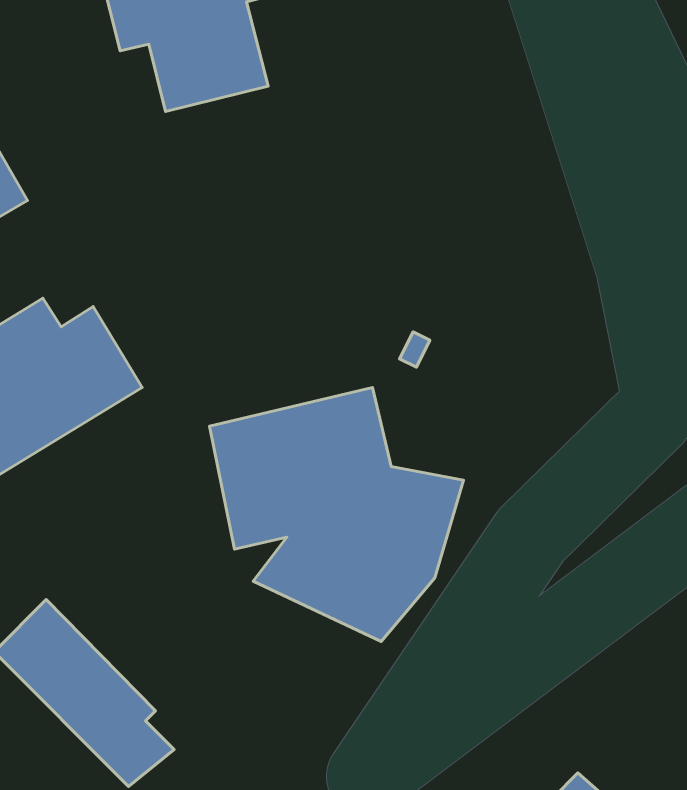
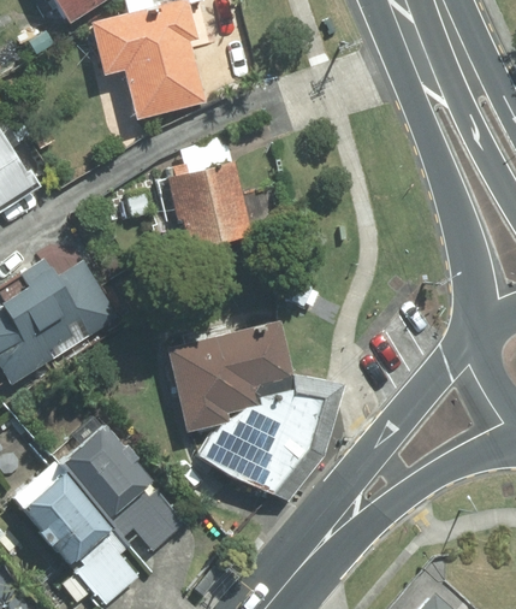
building: none -> [161,134,249,254]
building: none -> [59,430,182,546]

